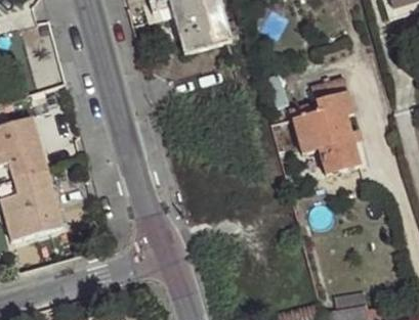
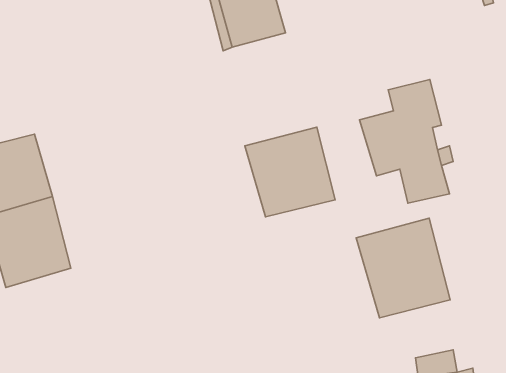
building: none -> [245,127,335,217]
building: none -> [356,218,450,318]

